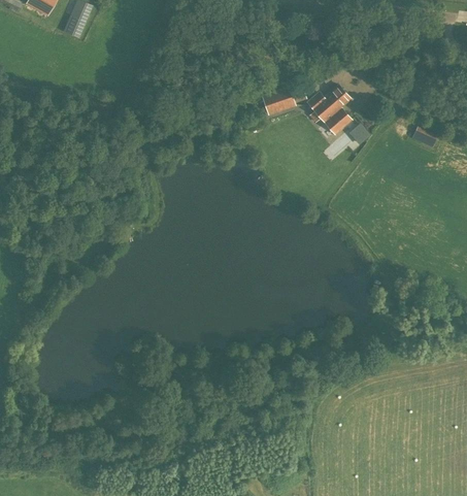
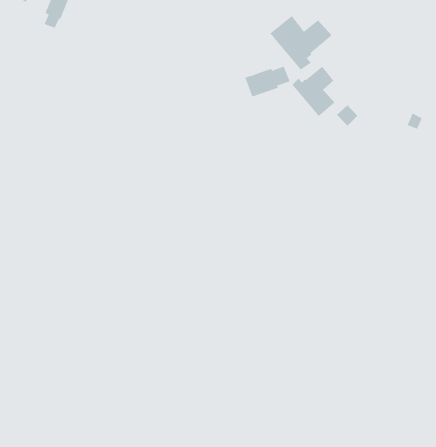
building: none -> [269,15,332,71]

